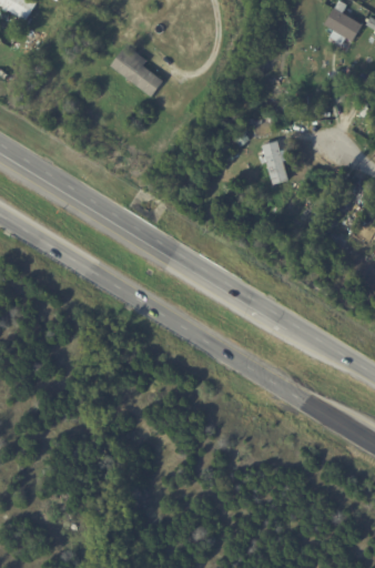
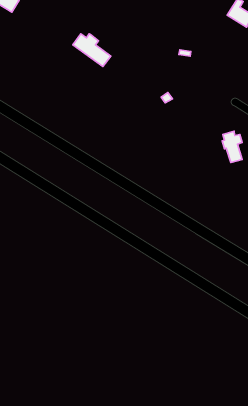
building: [261,141,288,184] -> [222,131,242,163]

